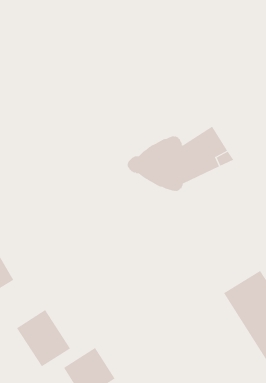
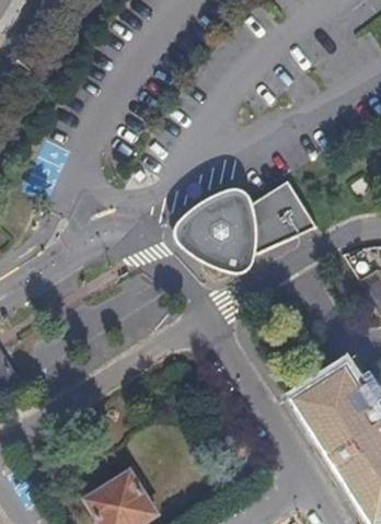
building: [16,309,71,367] -> none

